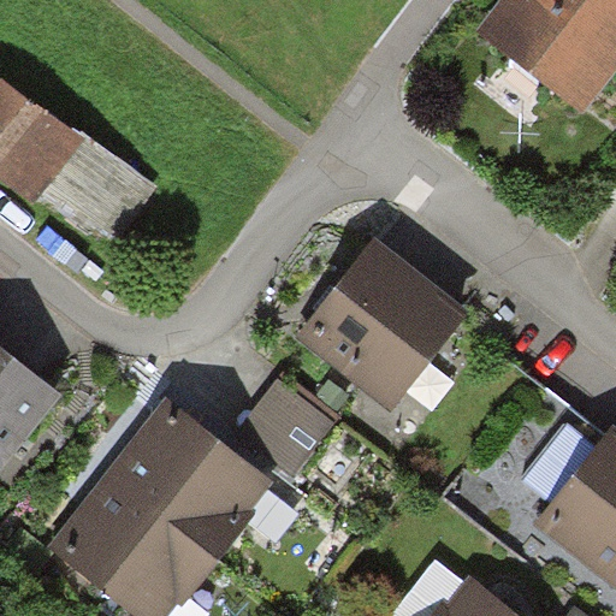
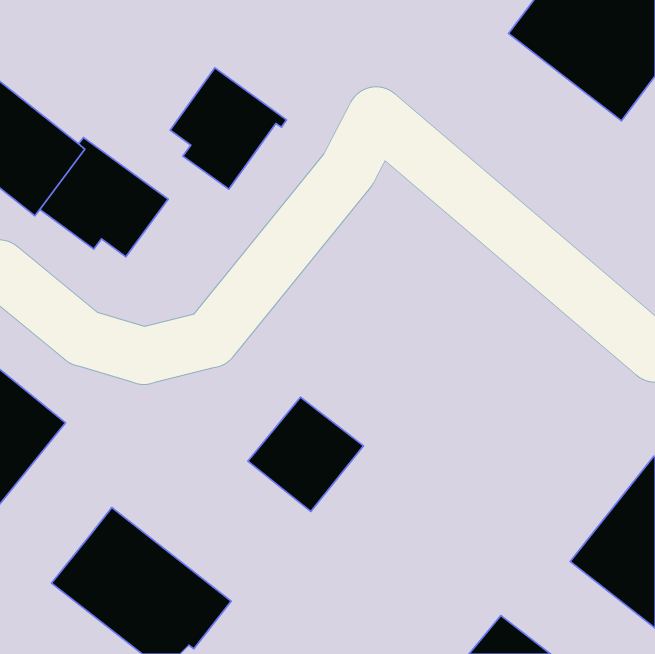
building: none -> [170,68,287,189]
building: [295,239,468,413] -> none
building: [105,398,272,563] -> none

